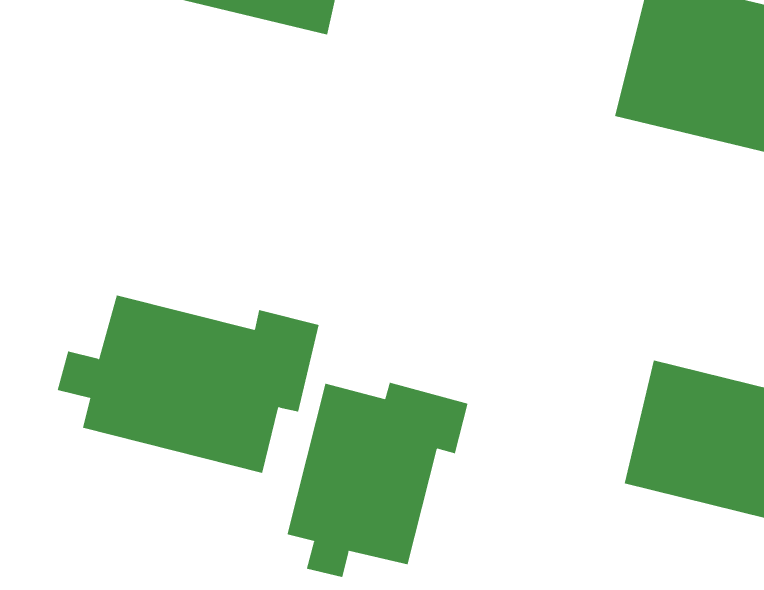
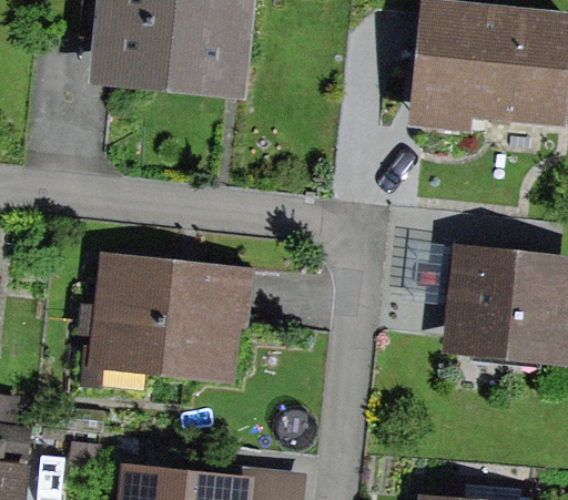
building: [287,382,468,578] -> none

